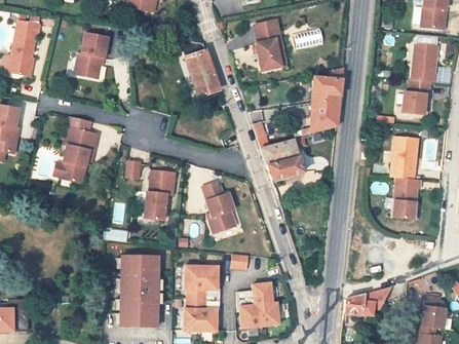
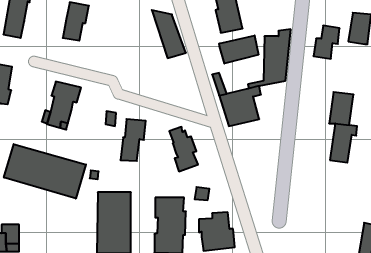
building: none -> [219,35,258,64]
building: [400,79,431,118] -> [313,26,340,59]
building: none -> [4,144,86,199]
building: [342,286,392,314] -> none

